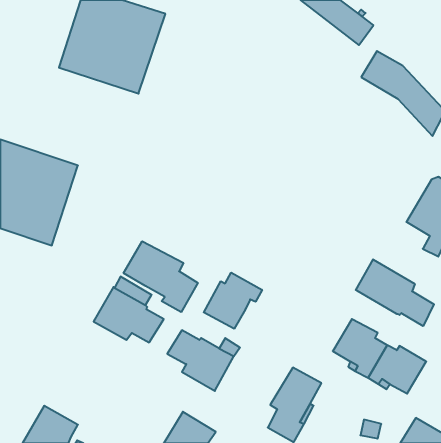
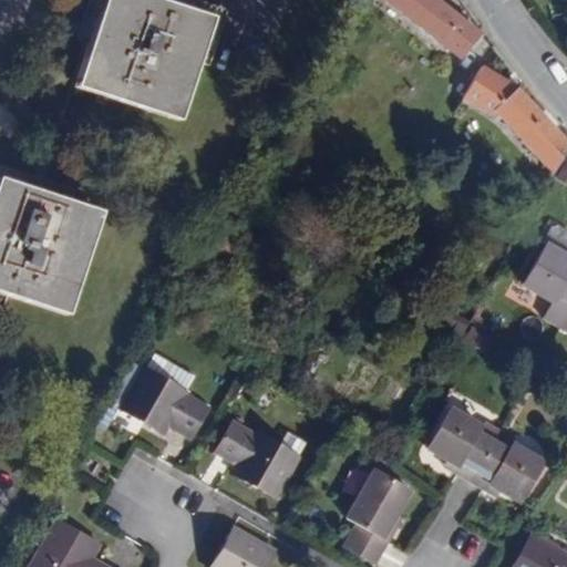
building: [124,241,198,312] -> none
building: [356,259,434,326] -> none
building: [204,273,262,329] -> none

